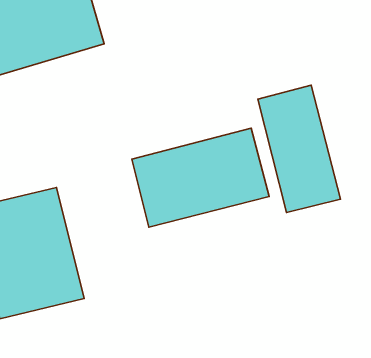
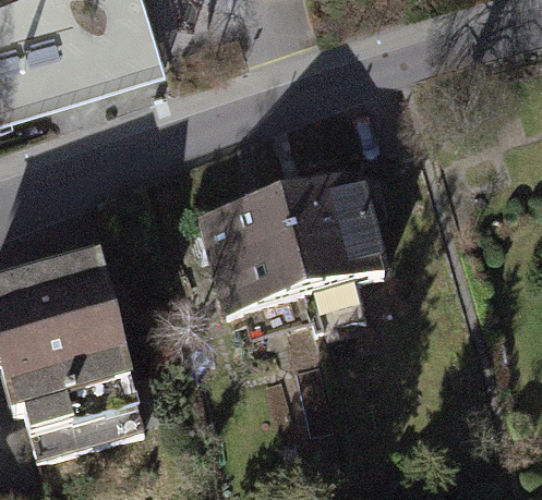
building: [258,85,340,212] -> none

